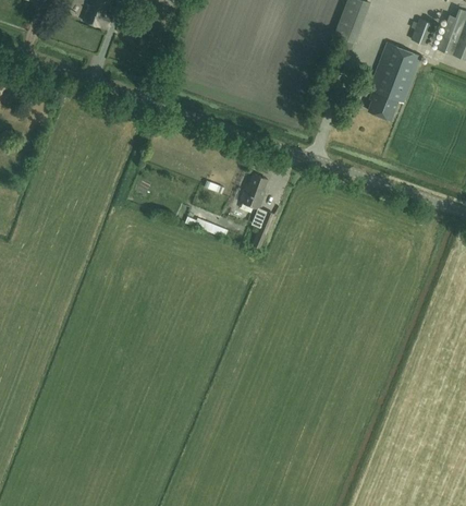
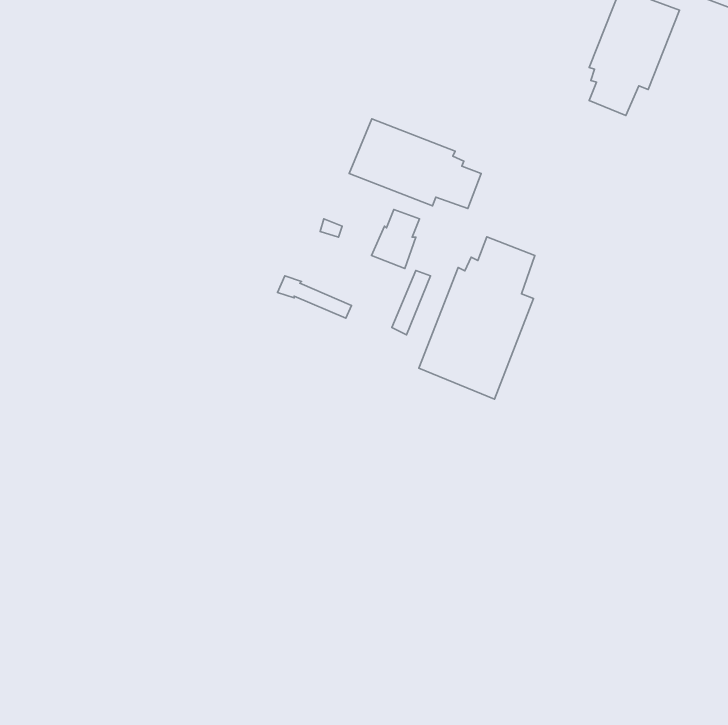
building: none -> [349,119,481,208]
building: none -> [419,237,535,399]

